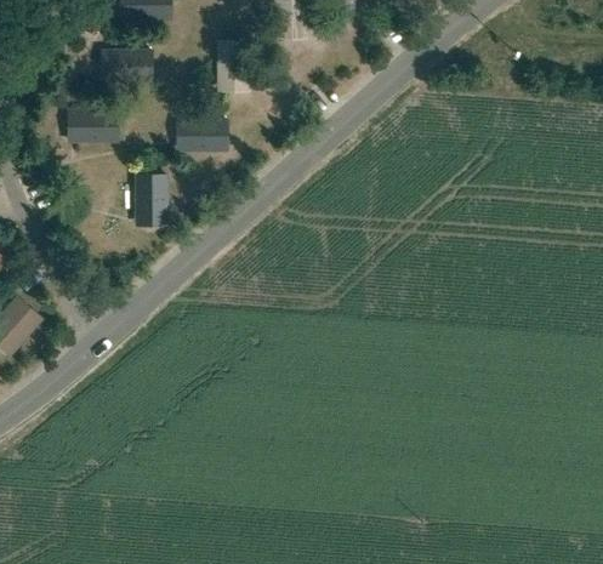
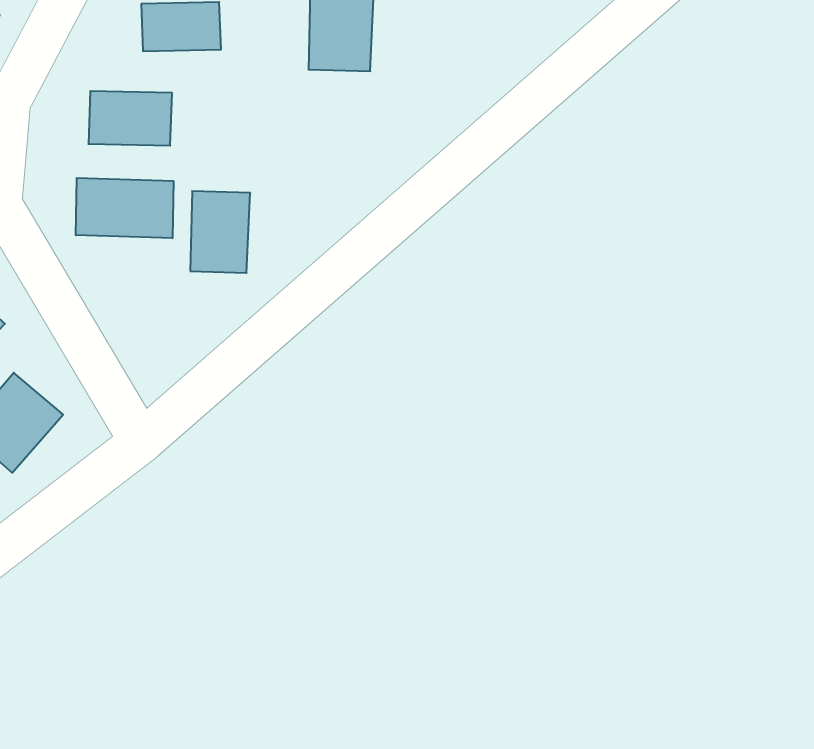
building: [175,116,229,150] -> none
building: none -> [76,178,173,238]

